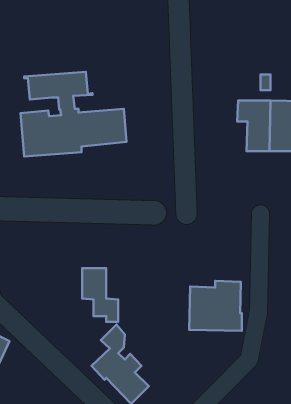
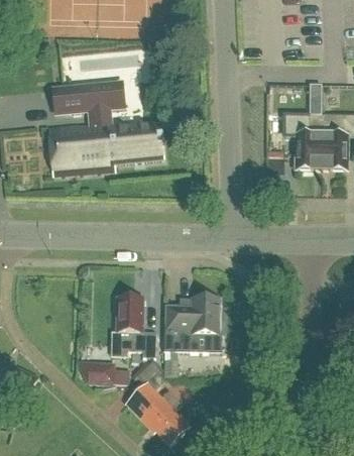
building: [189,281,242,331] -> [163,298,221,352]
building: none -> [80,365,129,382]

